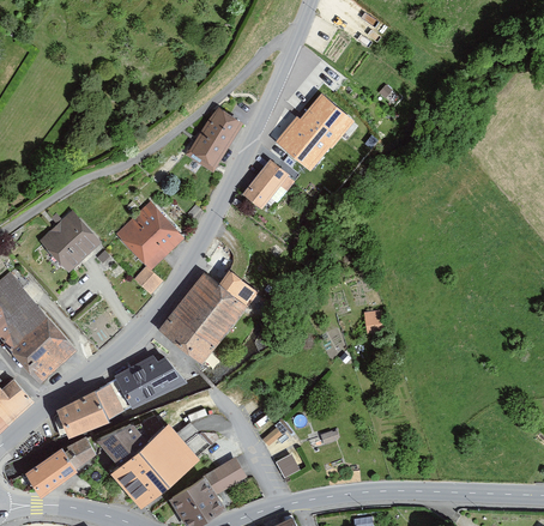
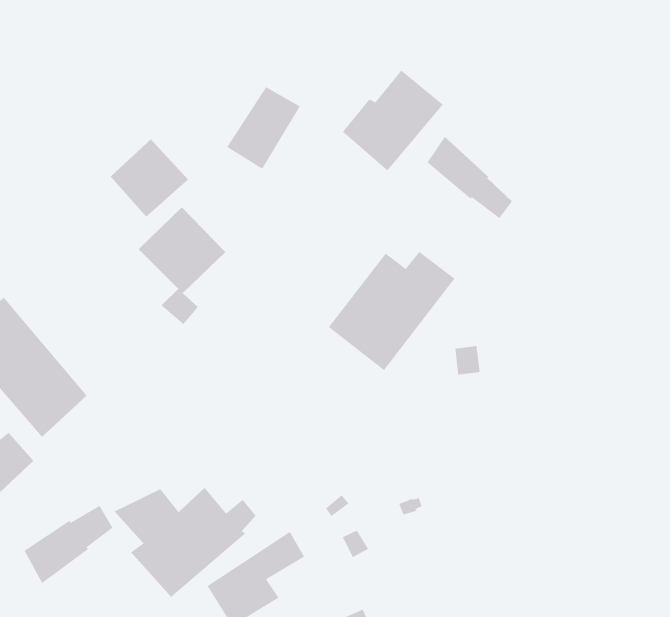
building: none -> [427,136,513,219]
building: [242,162,292,212] -> none
building: [40,210,102,272] -> [110,138,189,218]
building: [157,271,258,365] -> [328,251,456,371]
building: [56,356,186,440] -> none

